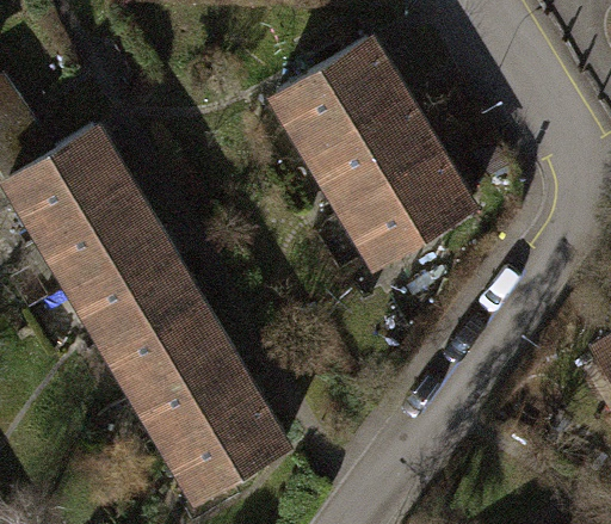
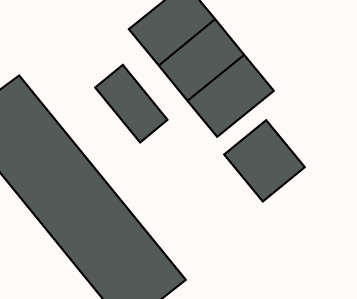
building: none -> [95,65,168,142]
building: none -> [224,120,305,202]

